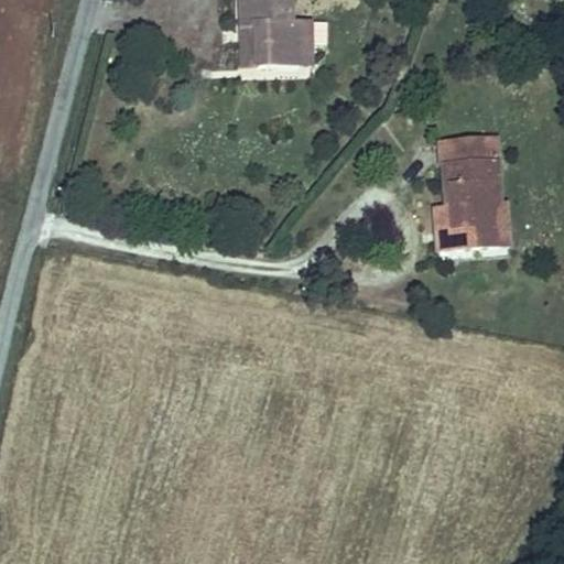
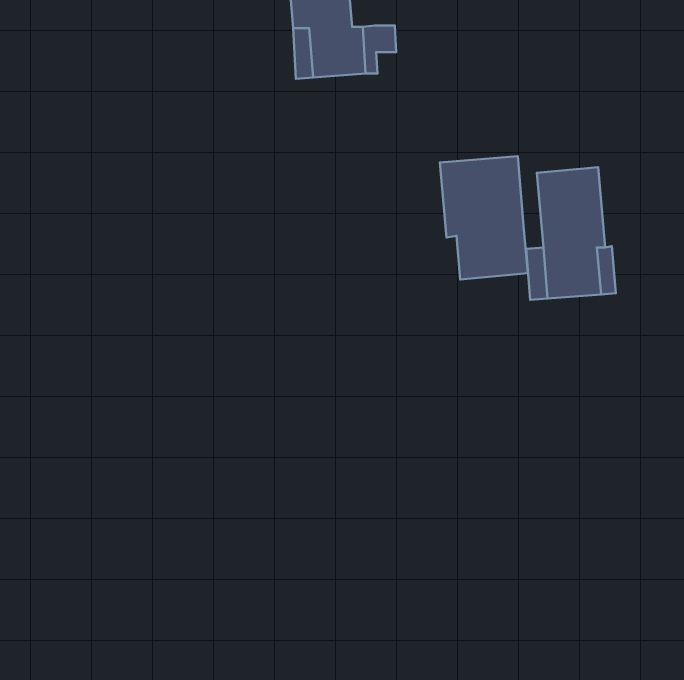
building: none -> [440,156,528,280]

